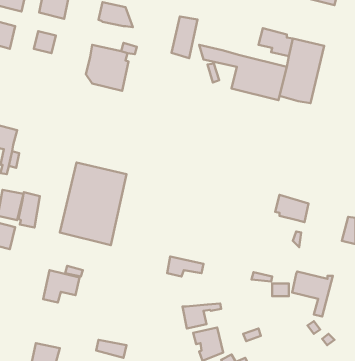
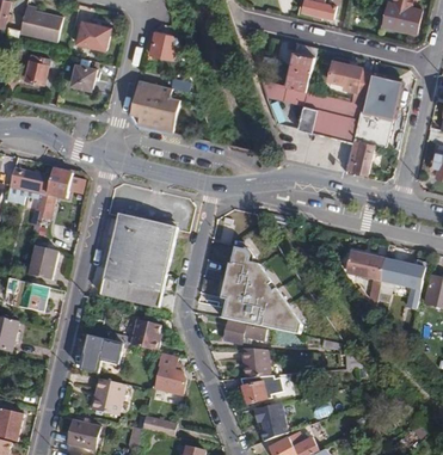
building: [171,16,197,58] -> [287,43,316,91]
building: none -> [346,137,374,172]
building: none -> [47,166,73,198]
building: [18,192,40,227] -> none
building: none -> [223,248,303,336]
building: none -> [129,320,159,351]
building: [292,272,333,316] -> [381,258,427,309]
building: none -> [242,349,270,379]
building: none -> [154,352,185,395]
building: none -> [91,379,125,416]

